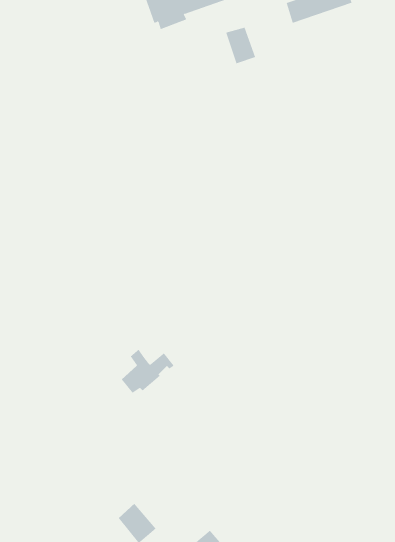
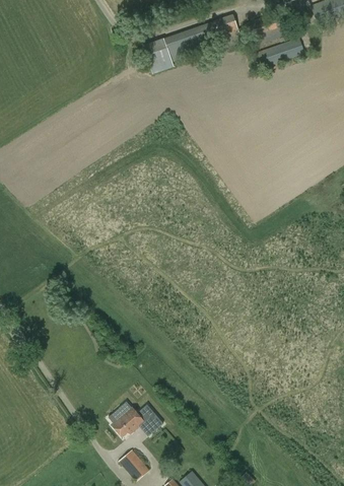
building: [226,27,256,64] -> none
building: [121,349,175,394] -> [112,400,154,435]

